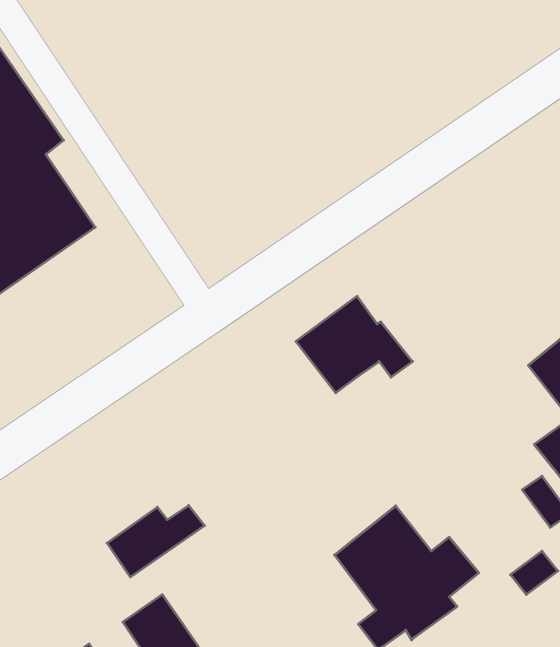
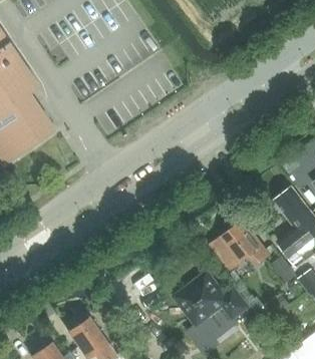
building: [296,296,413,393] -> [209,221,268,270]
building: [107,505,205,577] -> none

